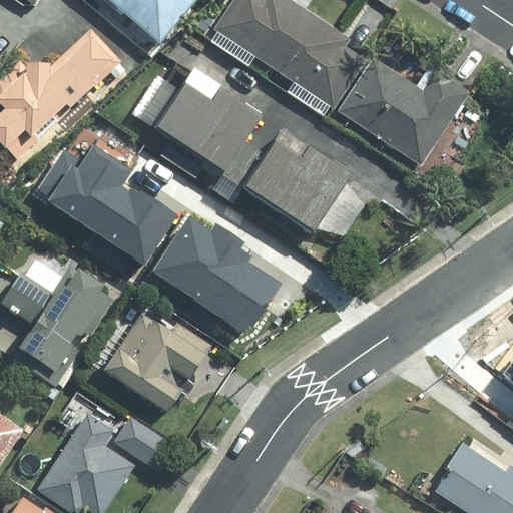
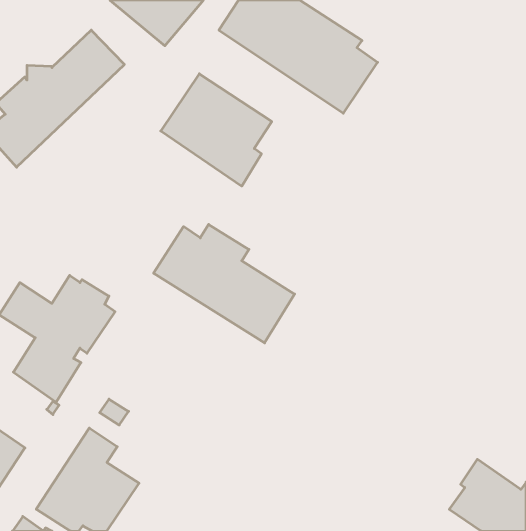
building: [335,58,470,168] -> none
building: [233,129,353,233] -> none
building: [32,144,167,259] -> none
building: [103,313,204,415] -> none
building: [111,414,176,473] -> none

